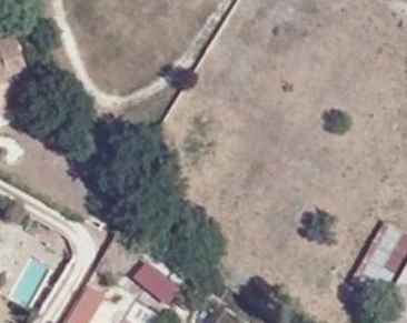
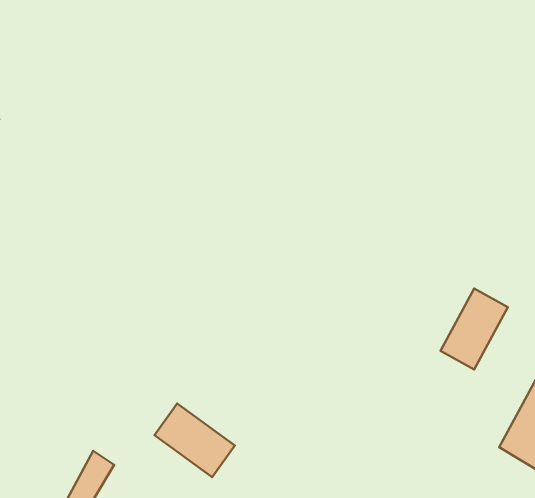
building: none -> [440,289,508,369]

